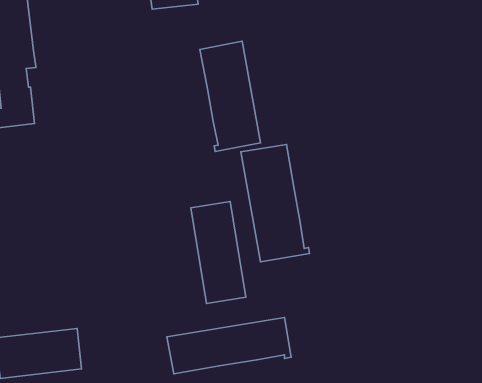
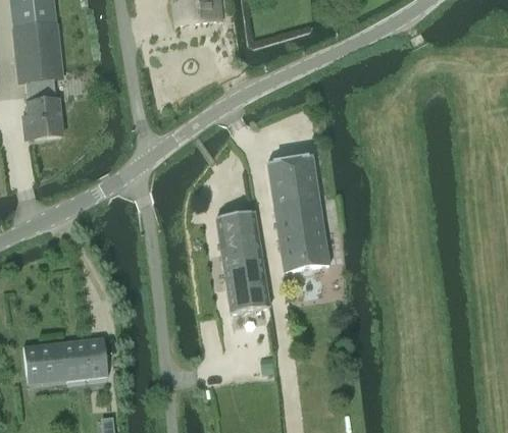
building: [200,41,261,151] -> none
building: [167,318,291,374] -> none

